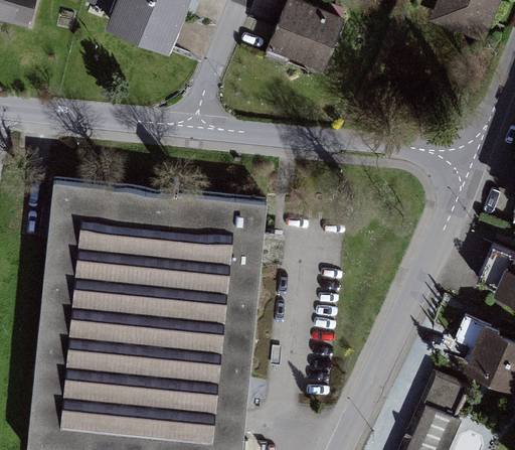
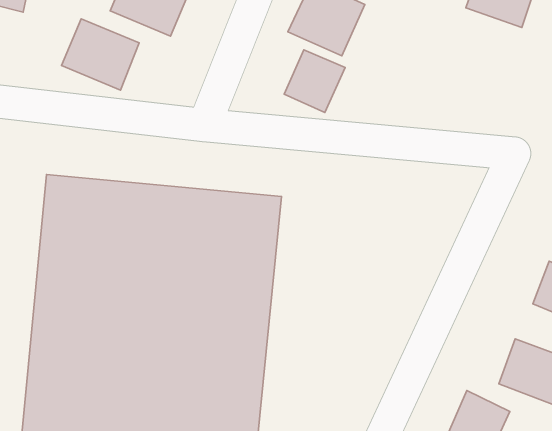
building: none -> [62,19,139,90]
building: none -> [284,50,345,113]

